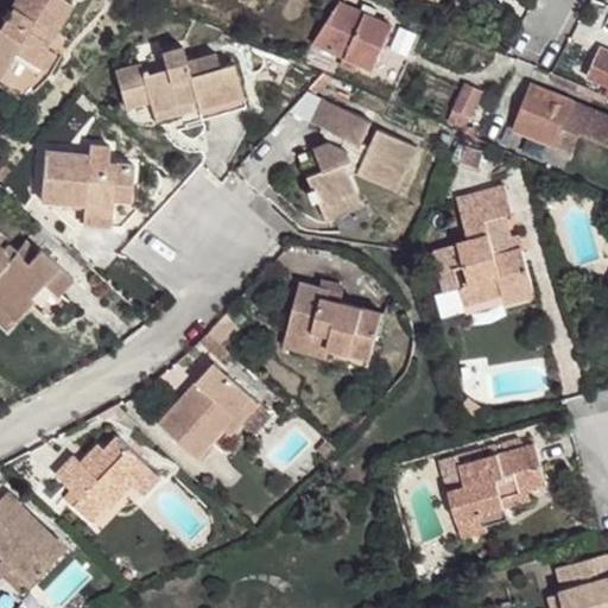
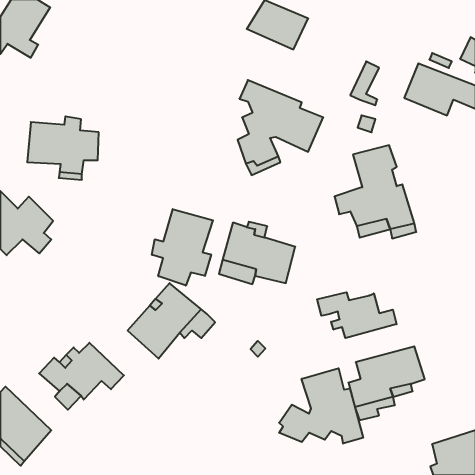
building: [110,50,239,116] -> none
building: none -> [152,209,213,286]
building: none -> [317,292,397,338]
building: none -> [279,368,363,444]

